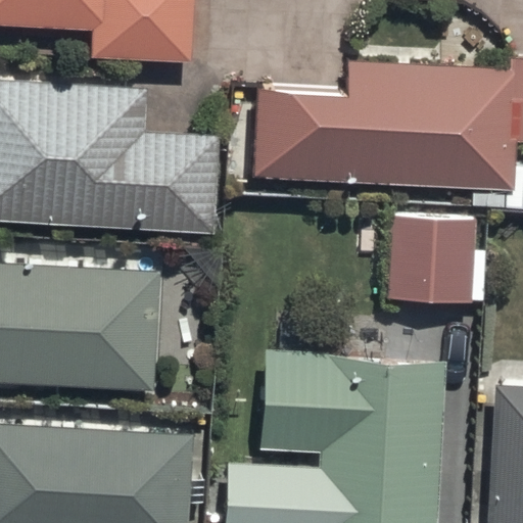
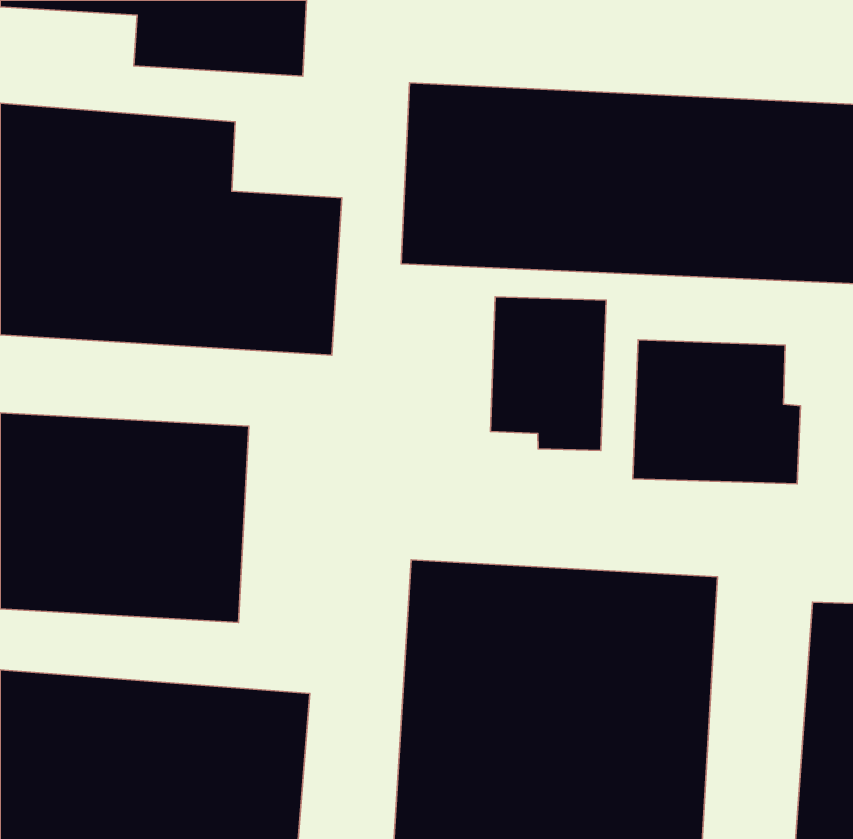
building: none -> [490,297,606,450]

